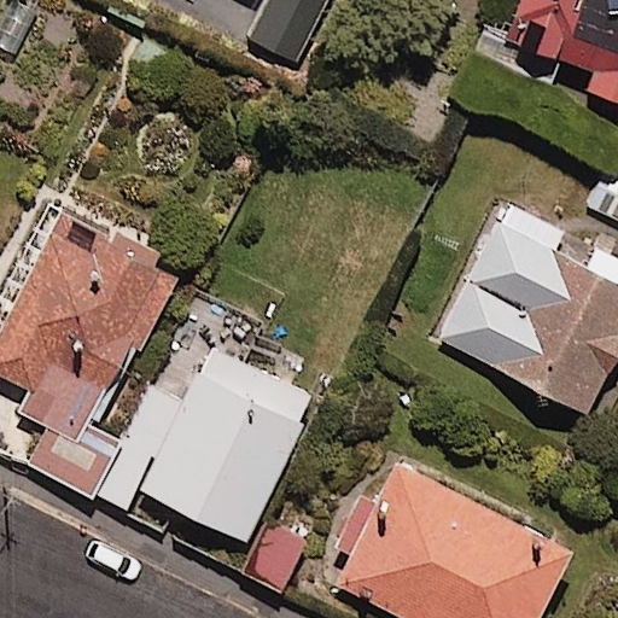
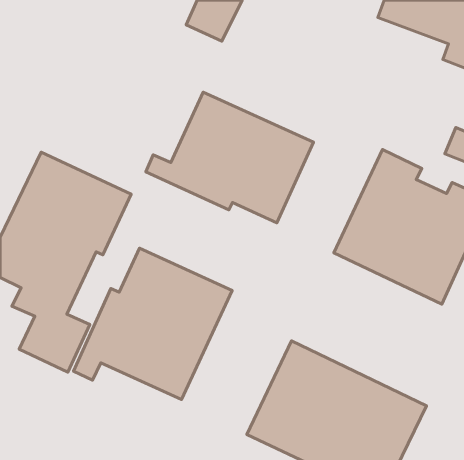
building: none -> [146,92,314,223]

